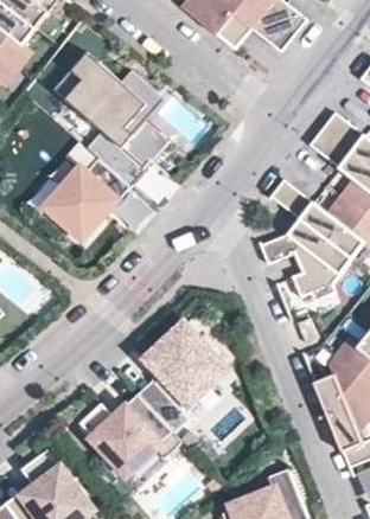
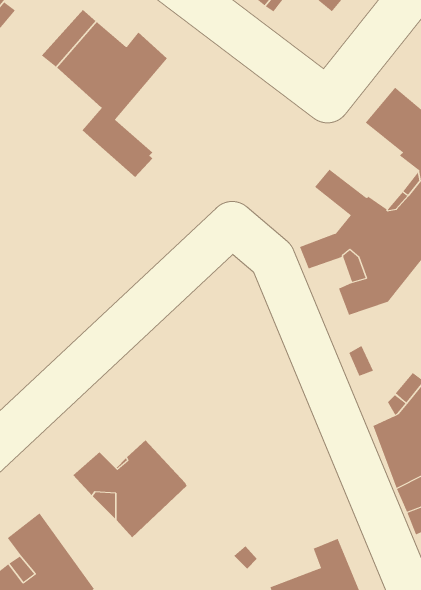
building: [111,90,168,165] -> none
building: [46,156,127,236] -> none
building: [135,325,221,431] -> none

